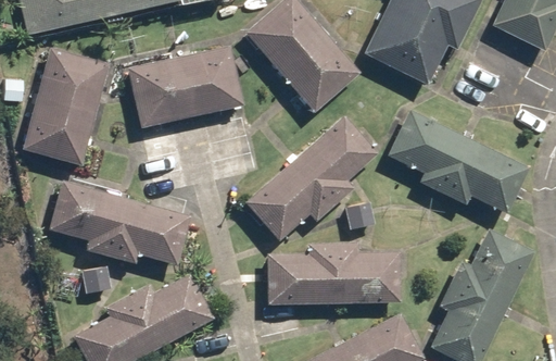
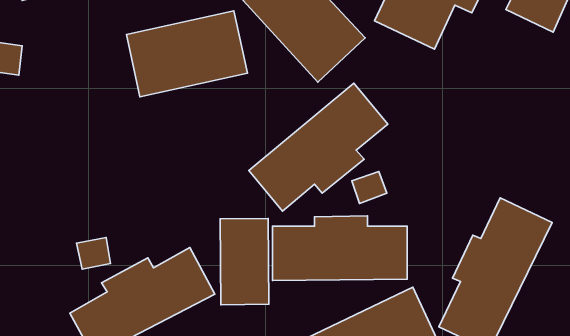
building: [22,46,113,165] -> none
building: [389,109,533,213] -> none
building: [49,179,191,265] -> none
building: none -> [220,218,269,305]

